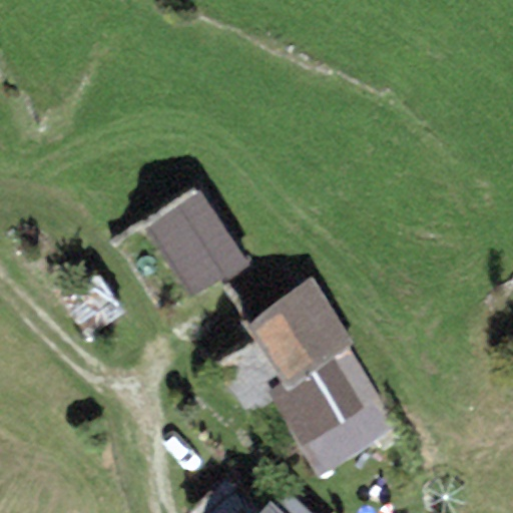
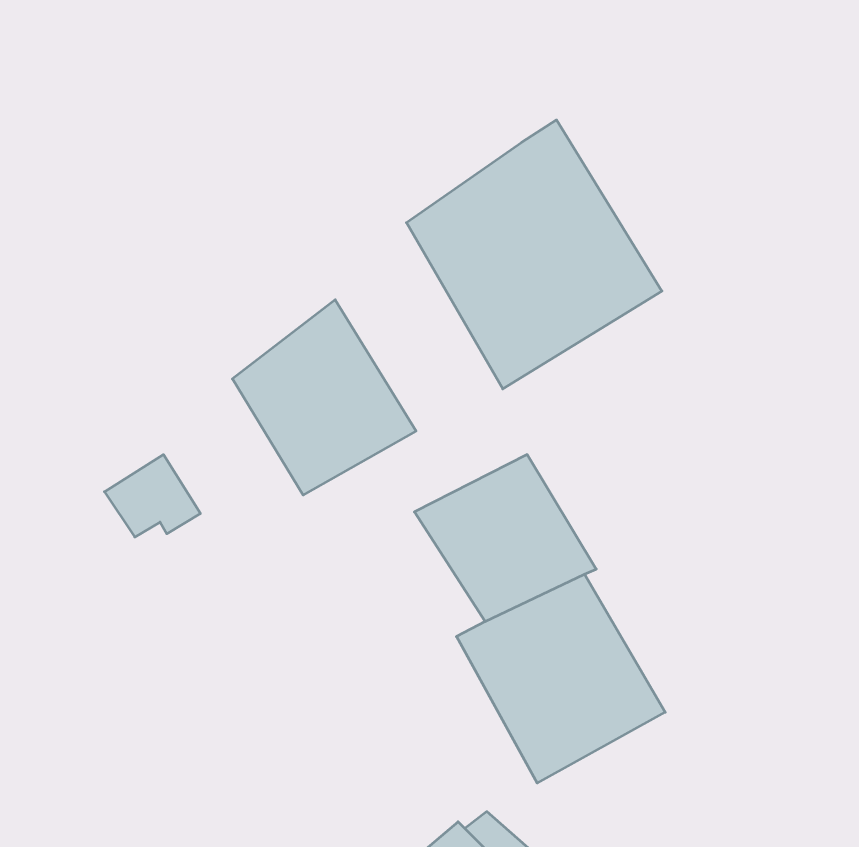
building: none -> [406,120,662,389]

